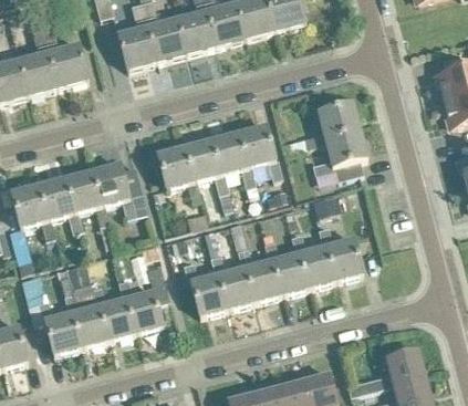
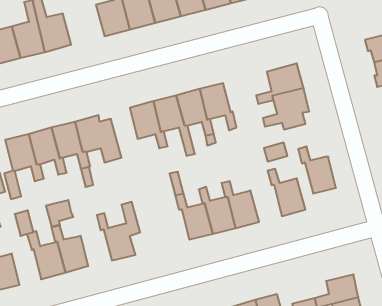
building: [291,232,335,288] -> [298,146,336,194]
building: [184,261,227,316] -> none
building: [92,285,136,340] -> none

